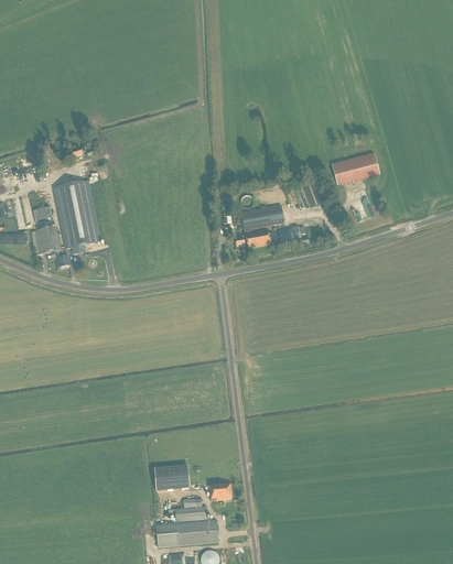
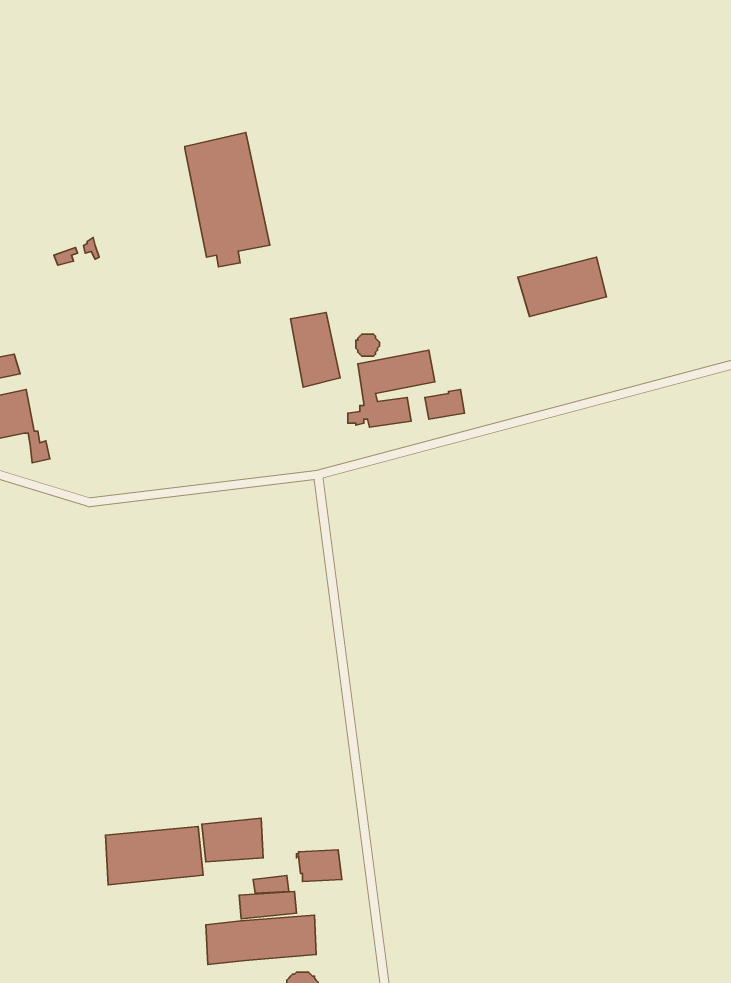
building: [53,178,100,253] -> [185,133,270,267]
building: none -> [290,313,340,387]
building: none -> [105,826,203,885]

